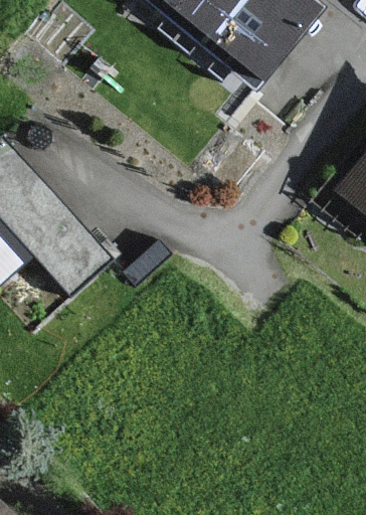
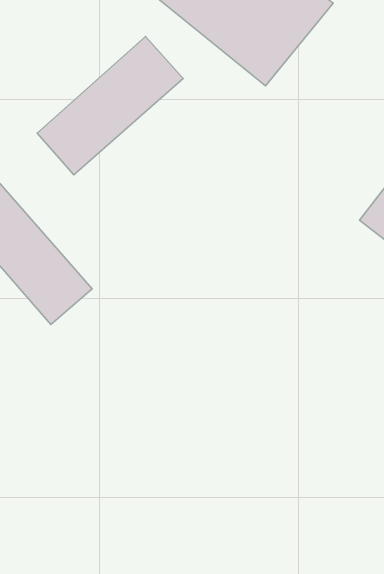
building: none -> [37,37,183,175]

